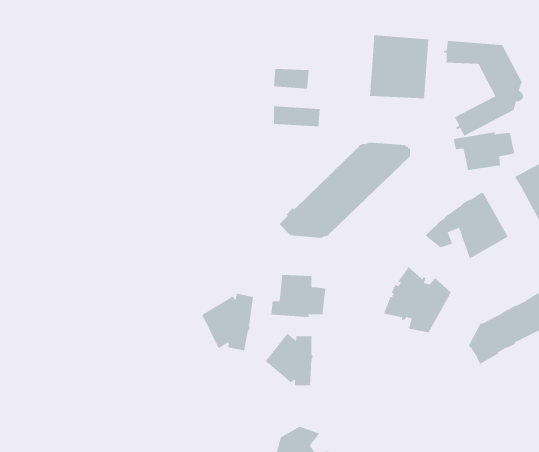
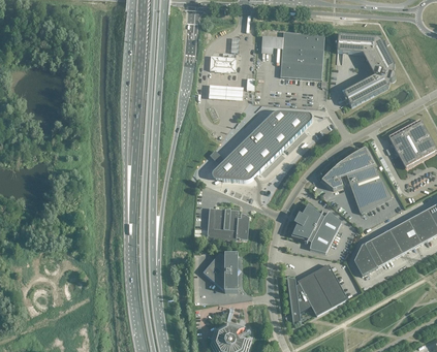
building: [453,131,515,171] -> none
building: none -> [354,181,392,213]
building: [202,293,253,351] -> none
building: none -> [286,265,347,324]

